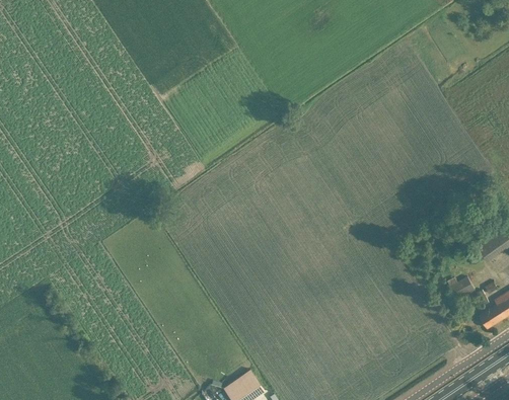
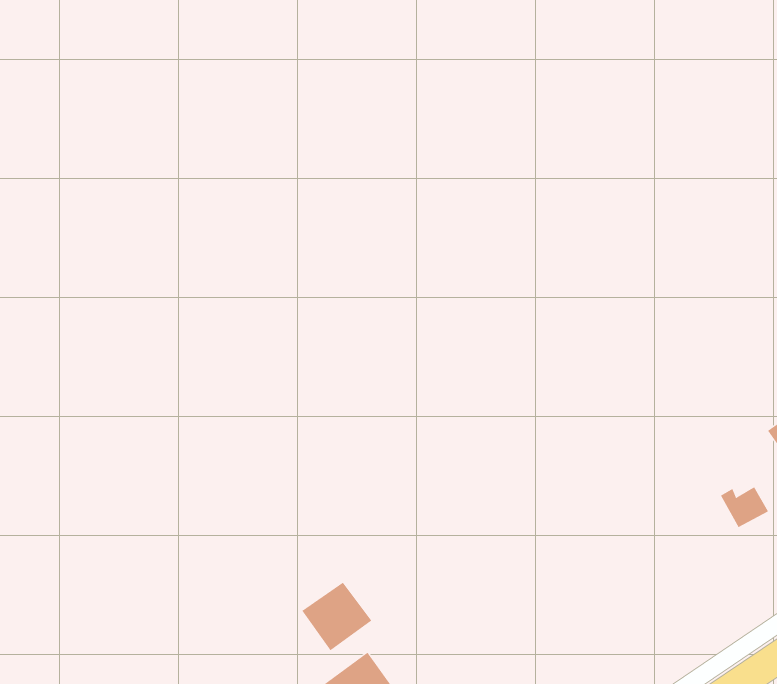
building: none -> [301,582,372,651]

